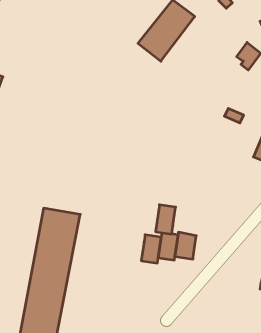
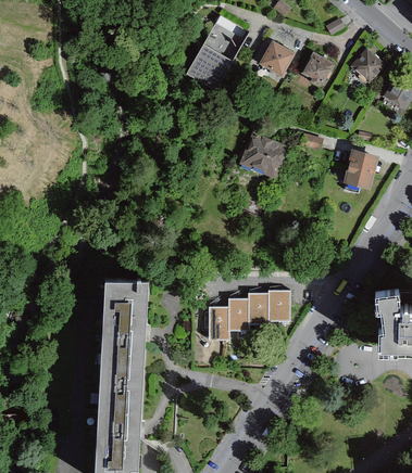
building: none -> [263,43,295,75]
building: none -> [242,136,287,177]
building: [156,205,176,234] -> [208,308,227,341]

